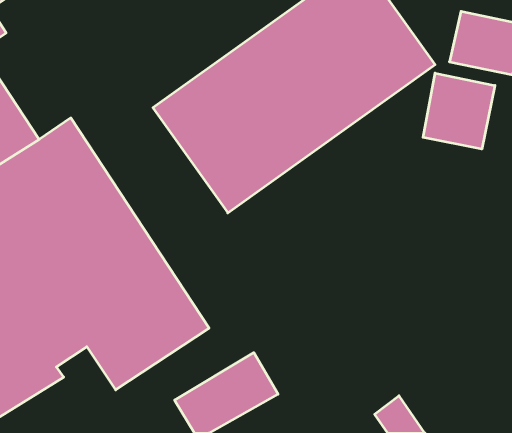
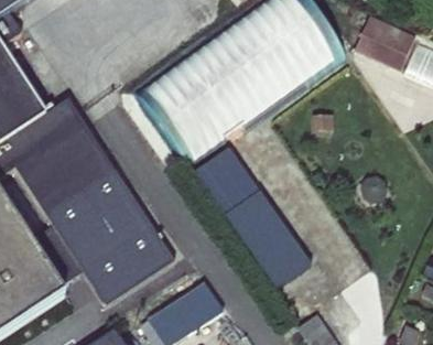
building: [423,73,495,149] -> none
building: none -> [193,145,313,289]

